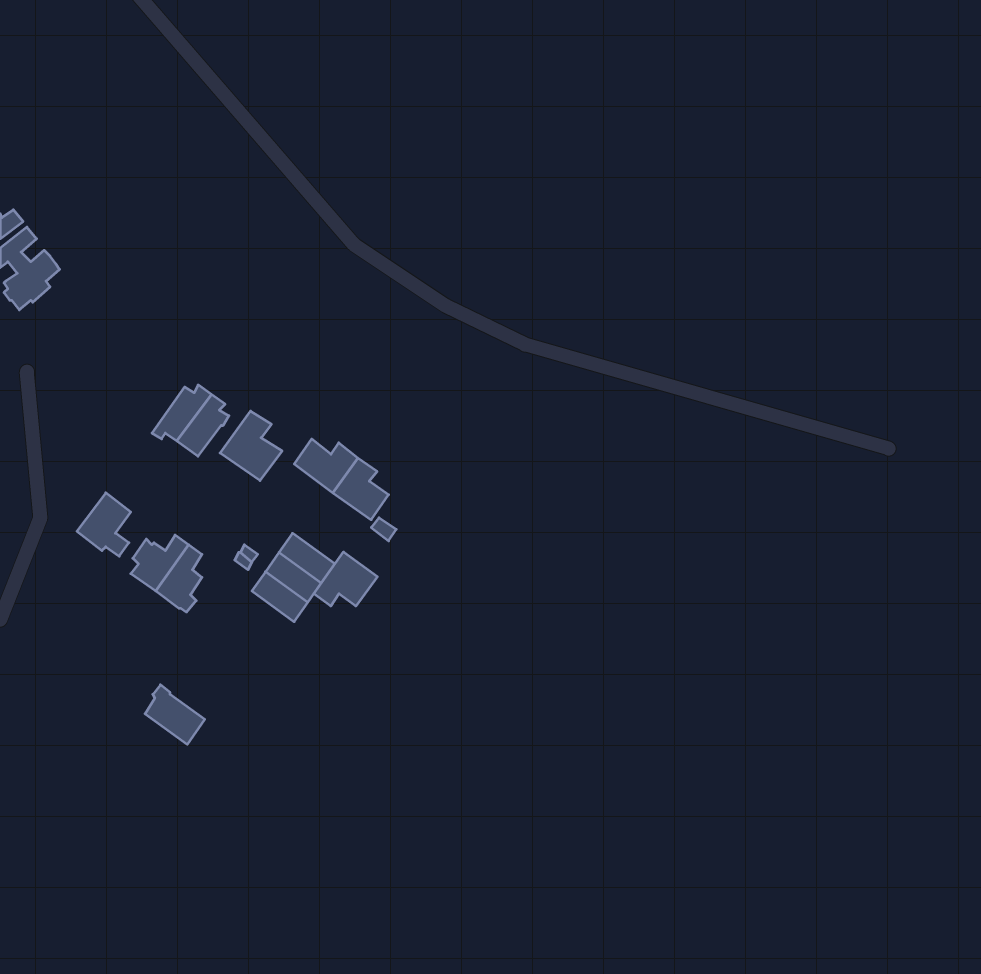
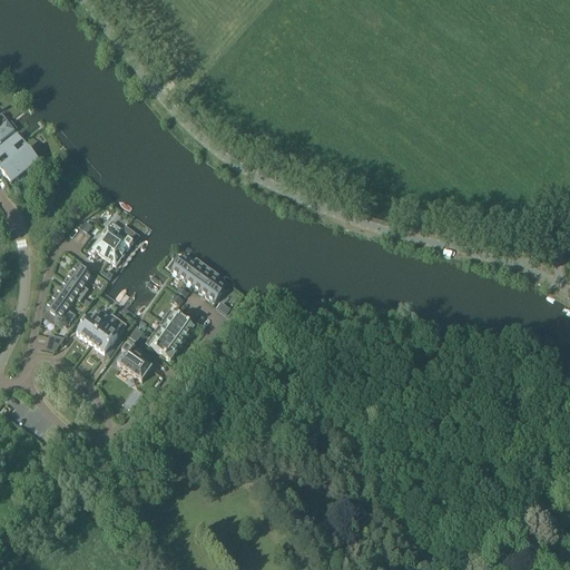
building: [220,411,282,481] -> none
building: none -> [62,264,92,298]
building: [314,552,377,606] -> none
building: [145,685,205,744] -> [118,345,153,380]

